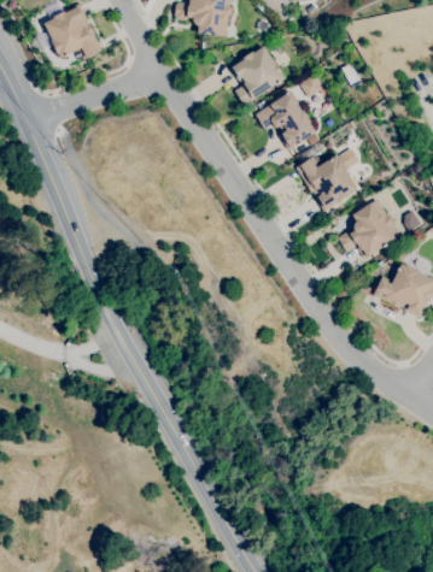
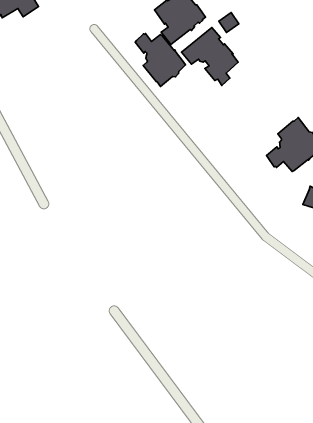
building: none -> [135,34,186,87]
building: [297,154,358,211] -> none

